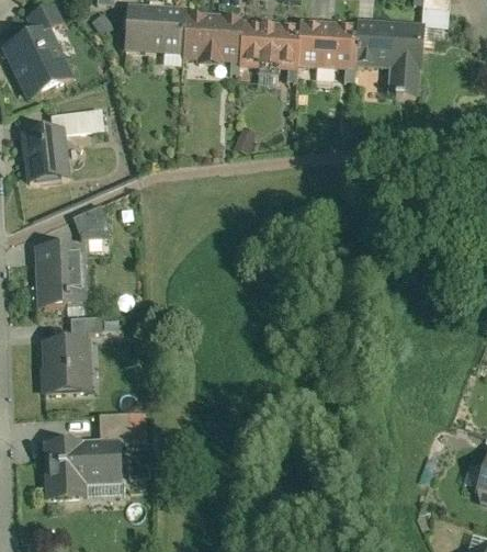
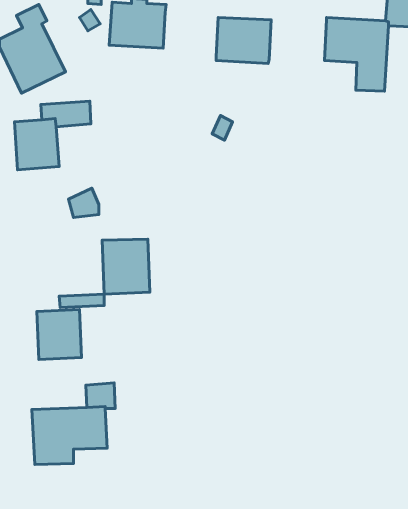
building: [181,12,240,63] -> none
building: [295,20,356,69] -> none
building: [41,244,92,303] -> [102,239,150,294]

